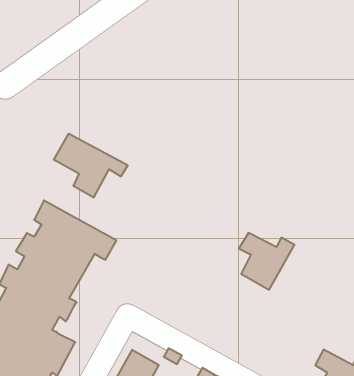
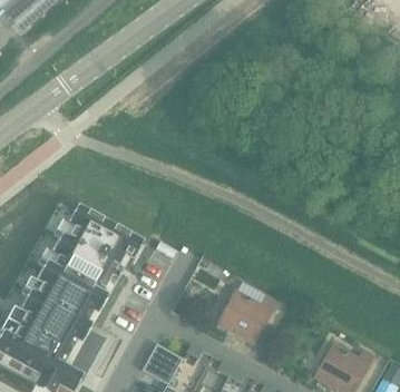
building: [54,134,128,197] -> none
building: [239,233,295,290] -> [227,290,279,342]

